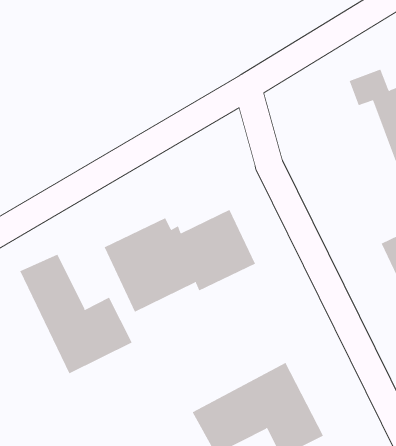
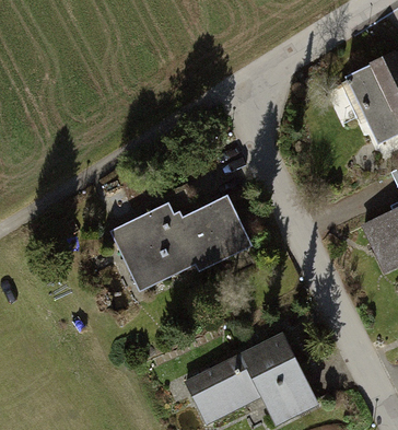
building: [20,254,132,374] -> none

